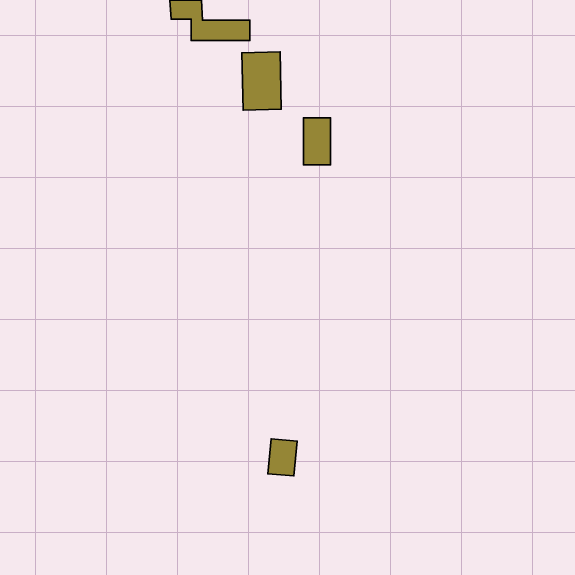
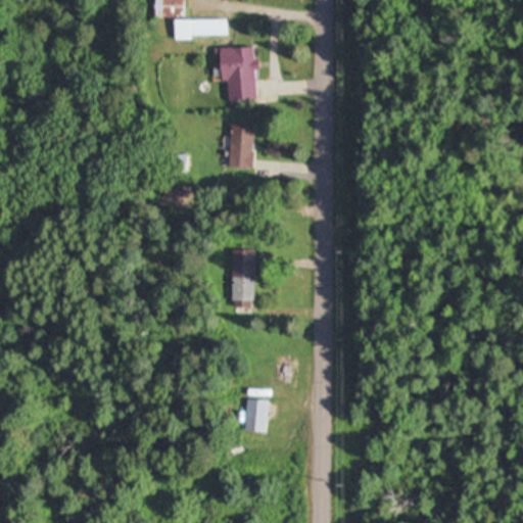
building: [303,118,330,165] -> [229,125,253,168]
building: none -> [232,252,254,305]

